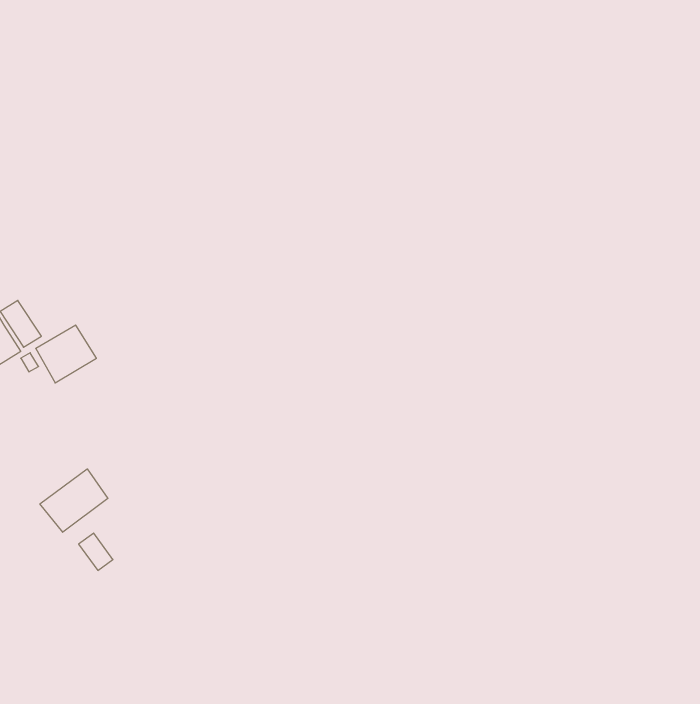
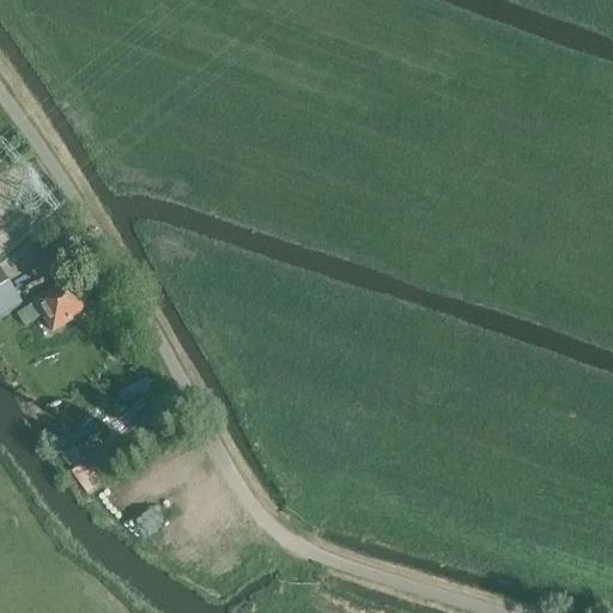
building: [40,469,108,532] -> none

